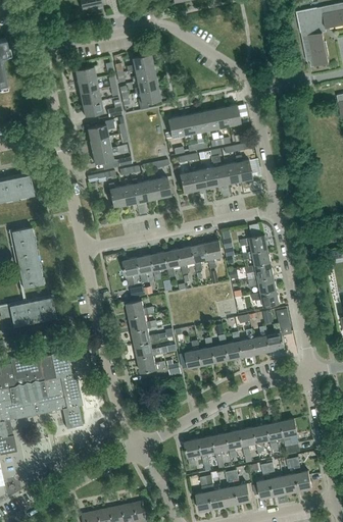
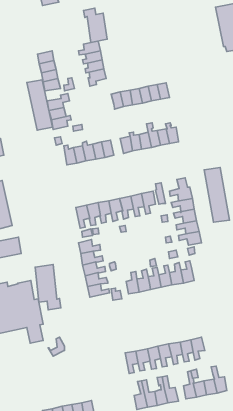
building: none -> [84,8,107,42]
building: none -> [27,80,53,130]
building: none -> [204,167,230,222]
building: [267,310,292,352] -> none
building: none -> [35,264,61,310]
building: [280,419,300,455] -> none

